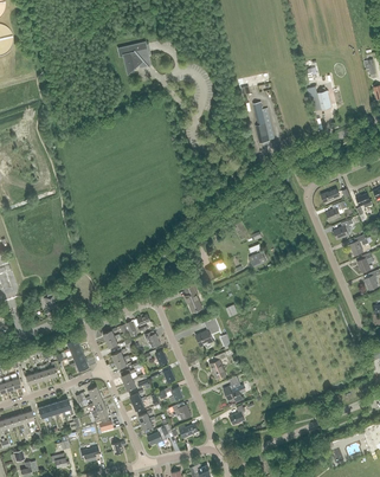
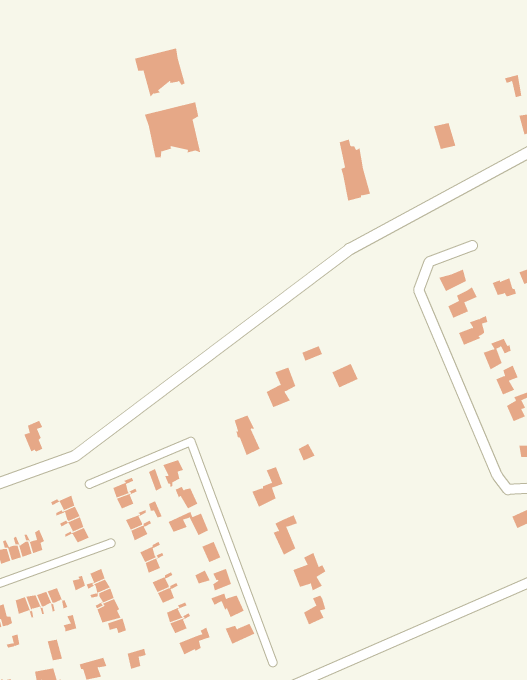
building: none -> [144,101,201,160]

